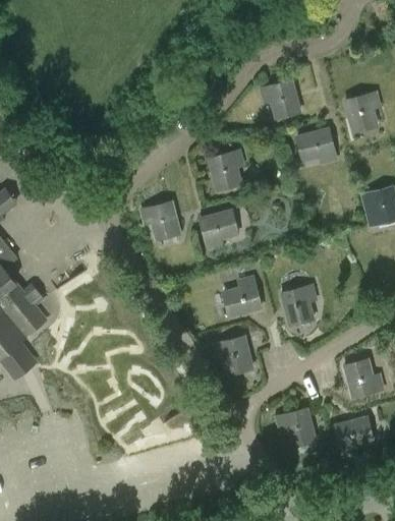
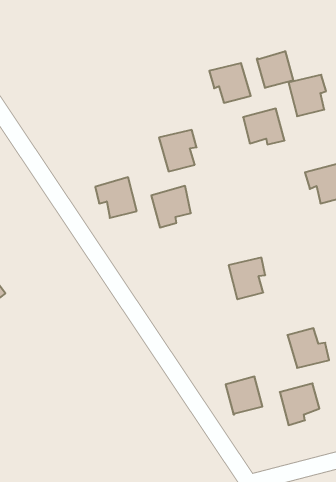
building: none -> [257,51,293,88]
building: [221,275,263,319] -> none
building: [211,334,255,375] -> none

